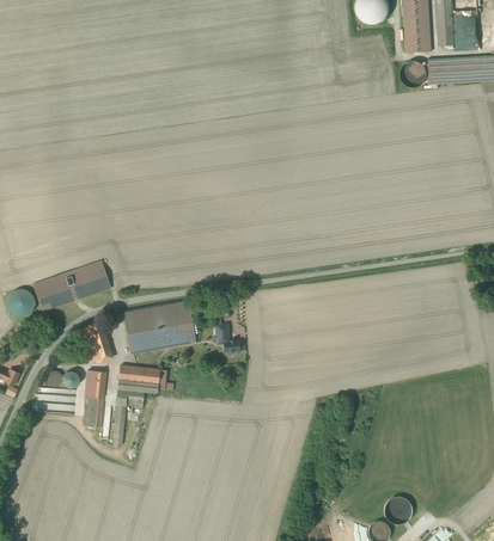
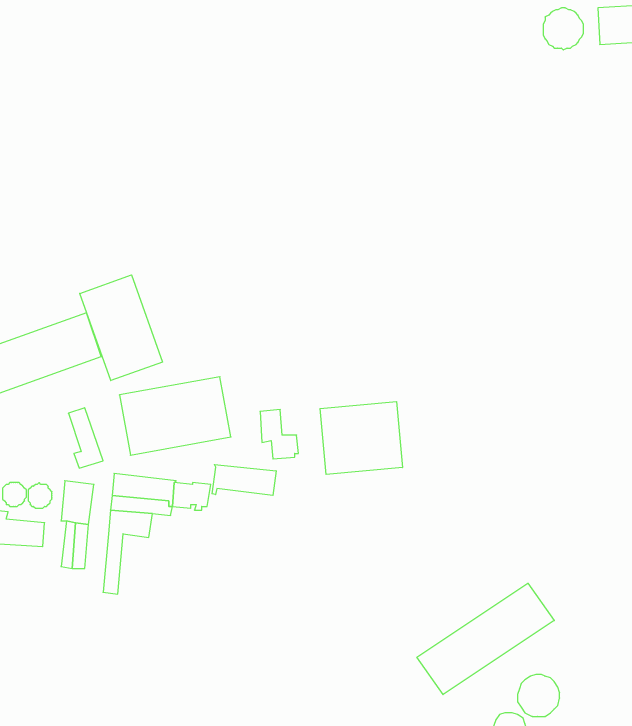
building: none -> [80,275,163,381]
building: none -> [320,402,402,474]
building: none -> [212,465,276,495]
building: none -> [417,583,554,695]

